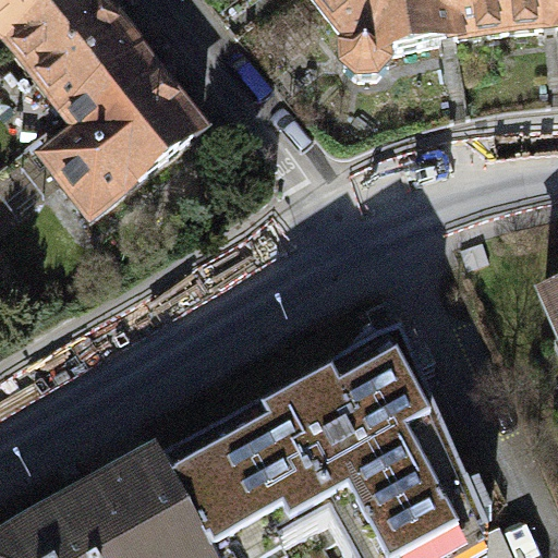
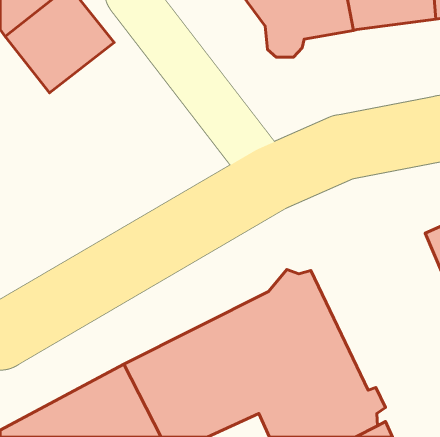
building: [45,53,208,220] -> none

